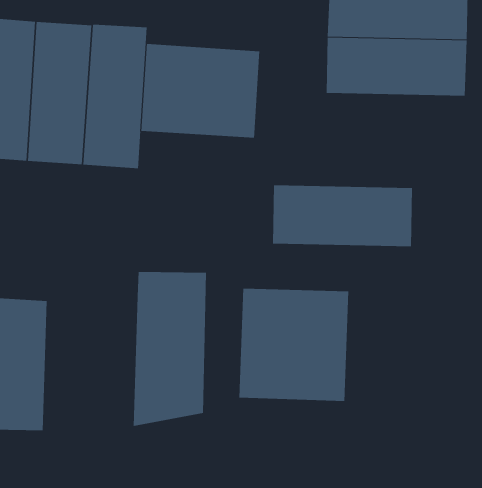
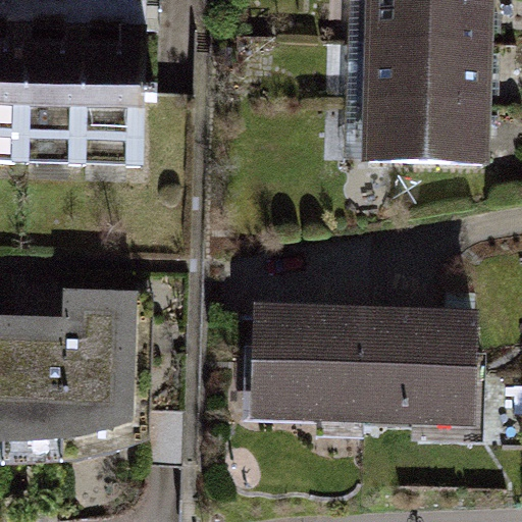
building: [141,43,260,138] -> none
building: [272,185,413,247] -> [342,98,489,163]
building: [133,271,207,427] -> [46,290,123,453]
building: none -> [363,306,477,425]

